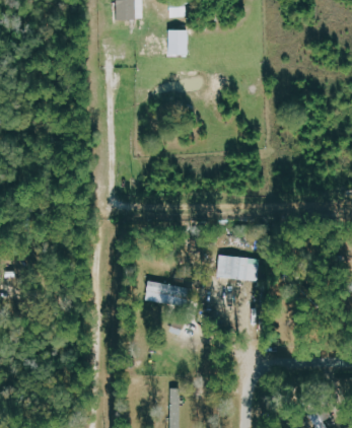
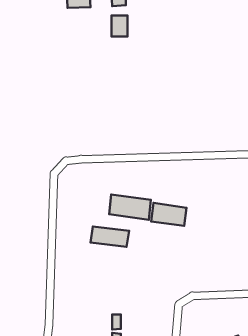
building: none -> [109,194,151,220]

